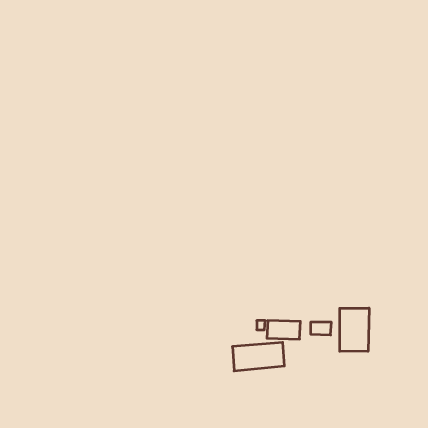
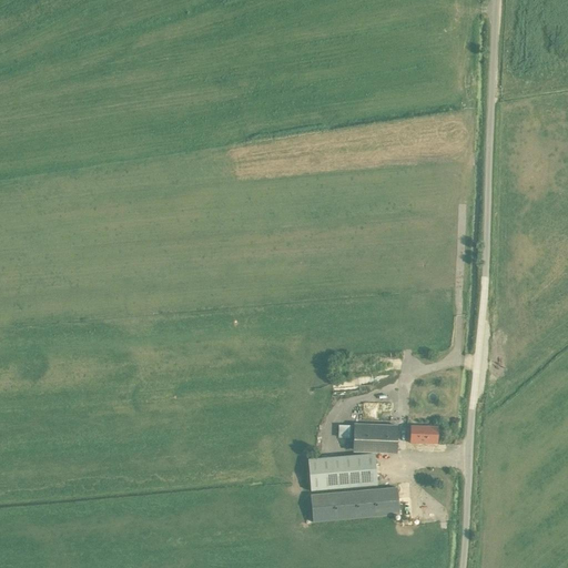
building: [340,308,369,351] -> none
building: none -> [311,487,399,521]

